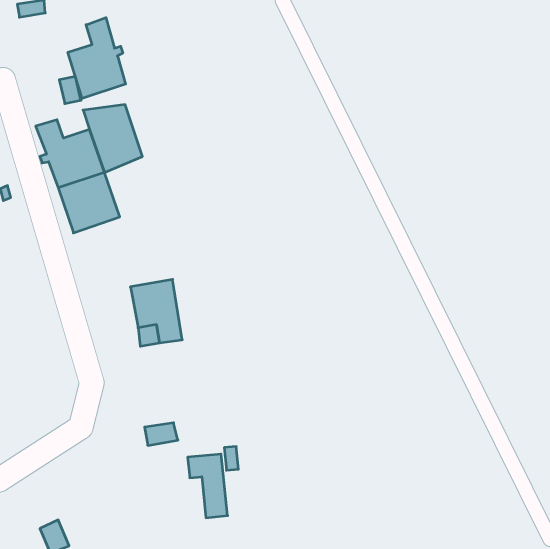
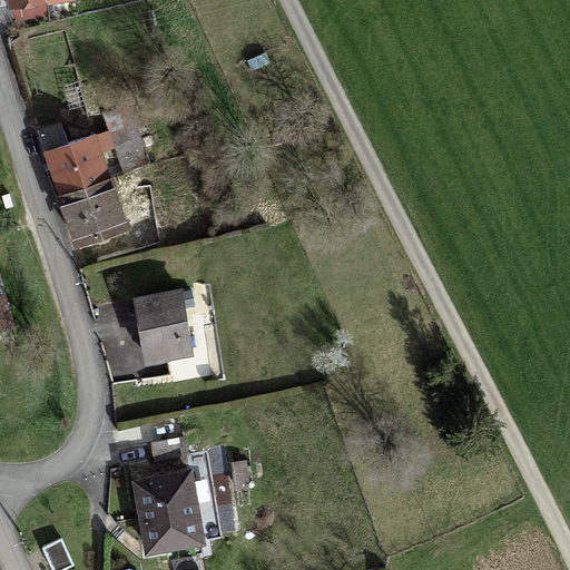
building: [68,18,126,98] -> none
building: none -> [135,472,198,551]

